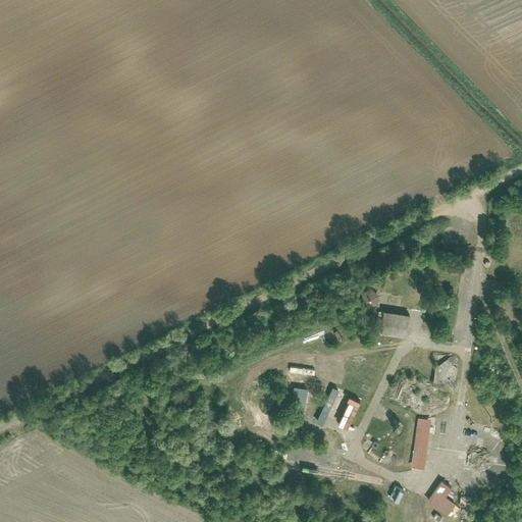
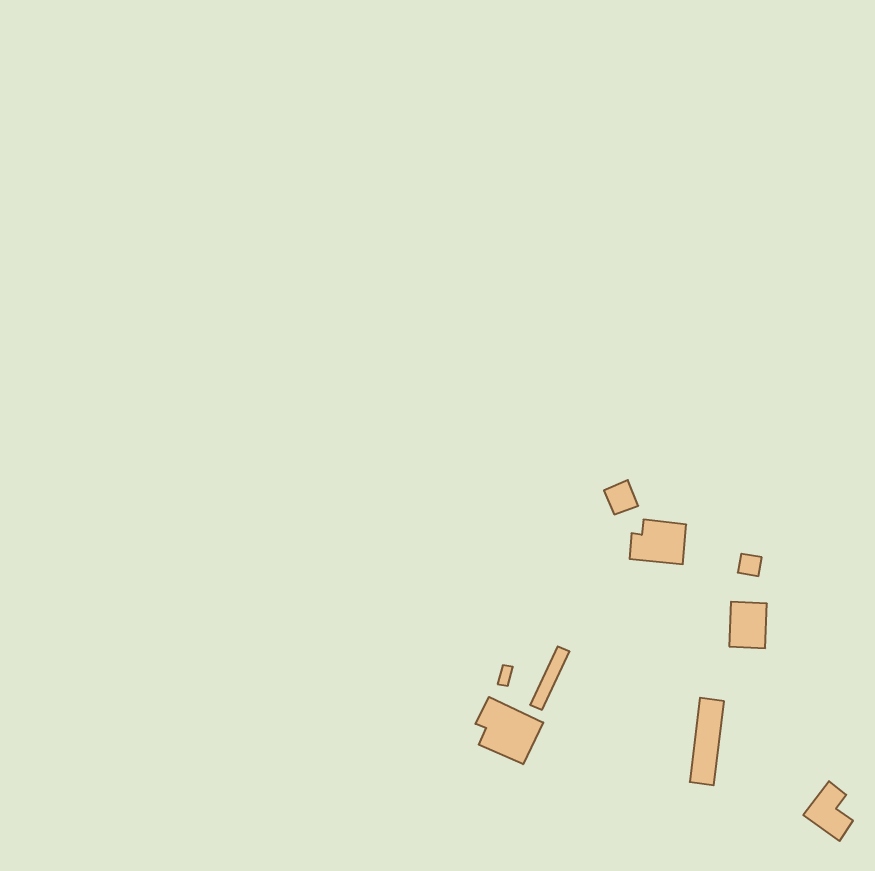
building: none -> [475,697,543,764]
building: [426,481,456,517] -> [803,781,853,841]

